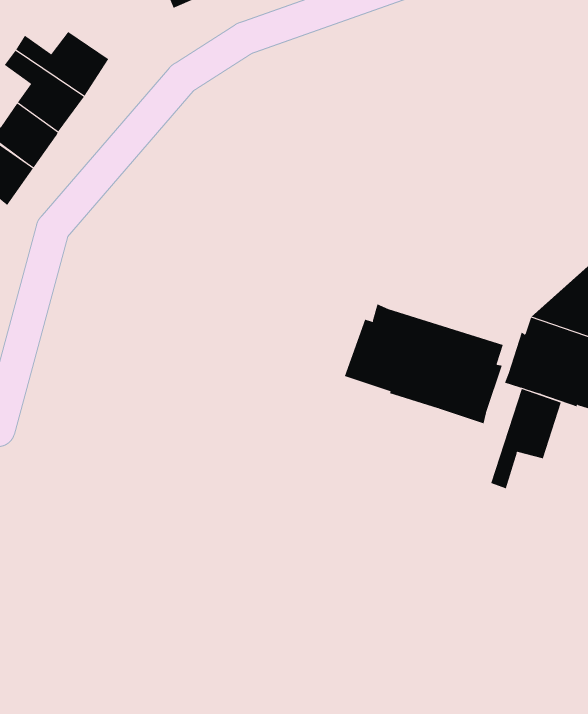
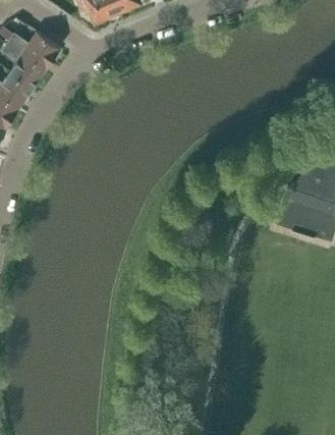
building: [344,303,504,424] -> none
building: [491,388,561,489] -> none

